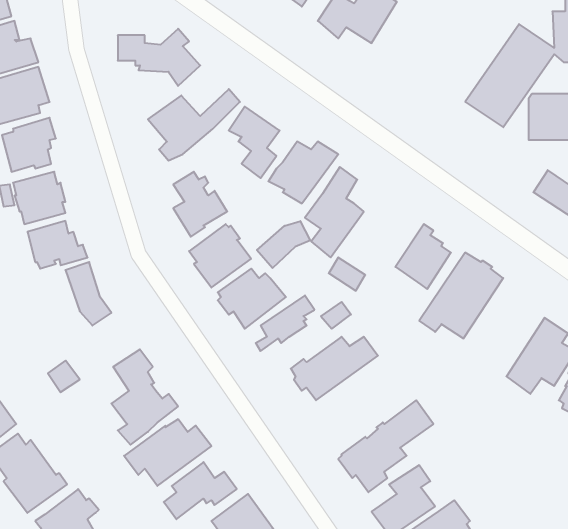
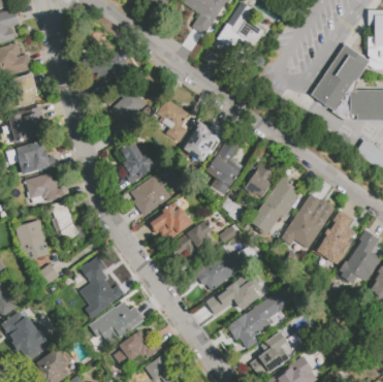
building: none -> [243,163,273,196]
building: [257,221,310,268] -> none
building: none -> [251,202,281,233]
building: none -> [313,210,355,263]
building: none -> [14,219,49,260]
building: none -> [204,278,259,315]

